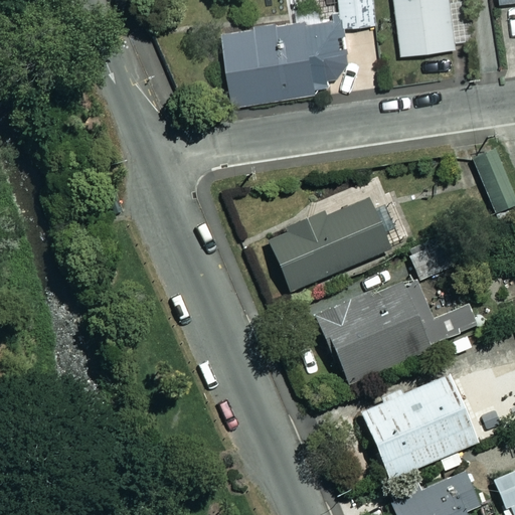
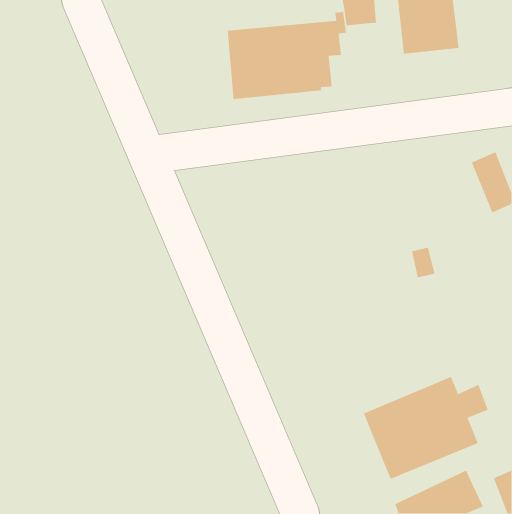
building: [267,199,390,292] -> none
building: [319,279,448,385] -> none

